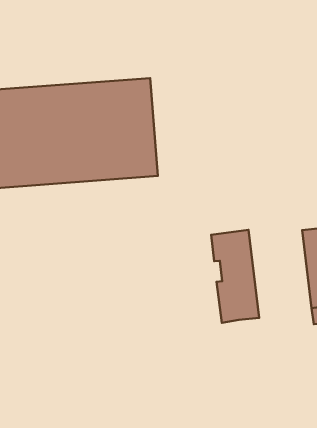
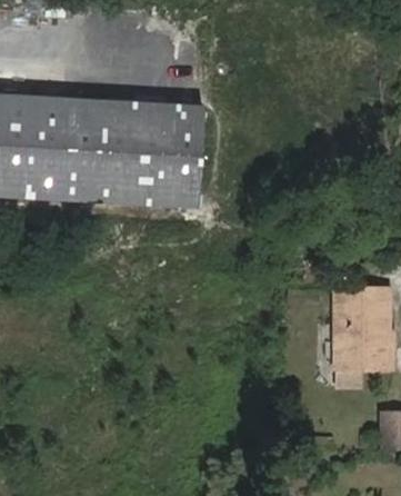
building: [211,230,259,323] -> none

